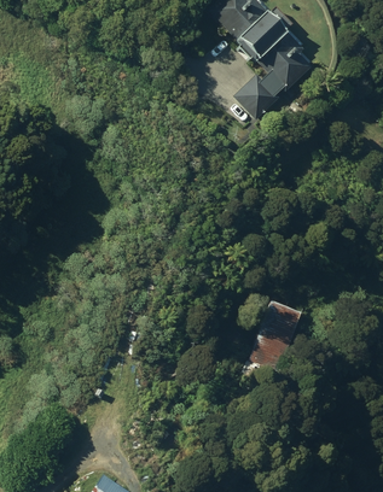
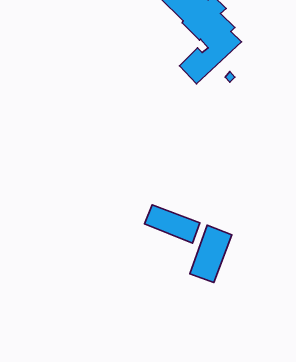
building: none -> [144,205,200,243]

